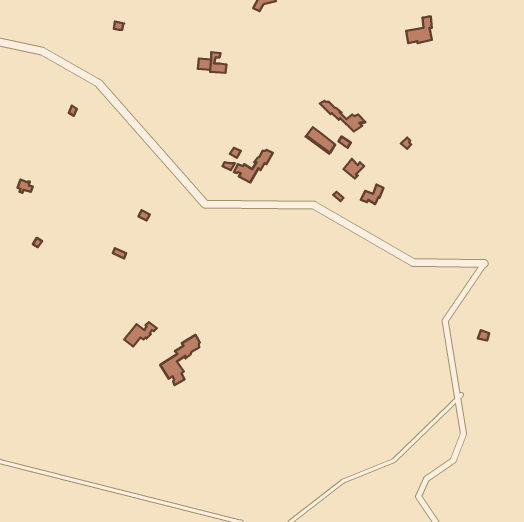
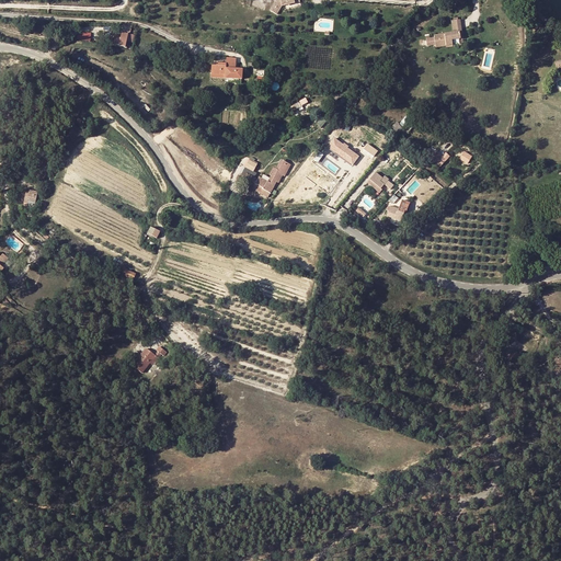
building: [320,101,366,132] -> none
building: [160,335,200,385] -> none

